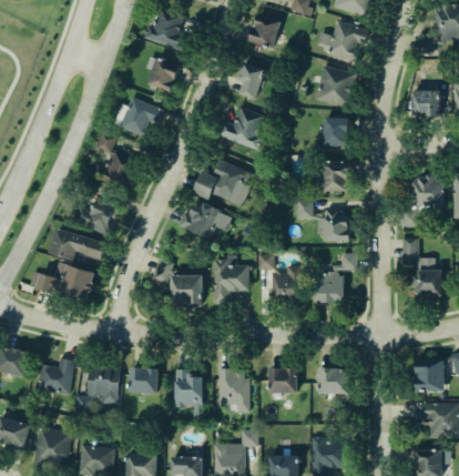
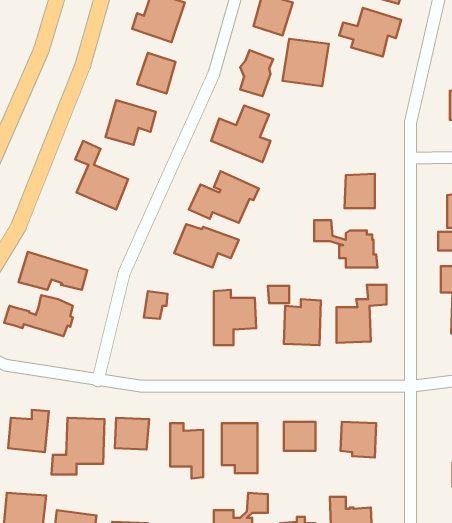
building: [313,63,351,103] -> [283,39,329,86]
building: [325,119,350,148] -> none
building: [73,196,121,237] -> none
building: [173,275,205,305] -> none

